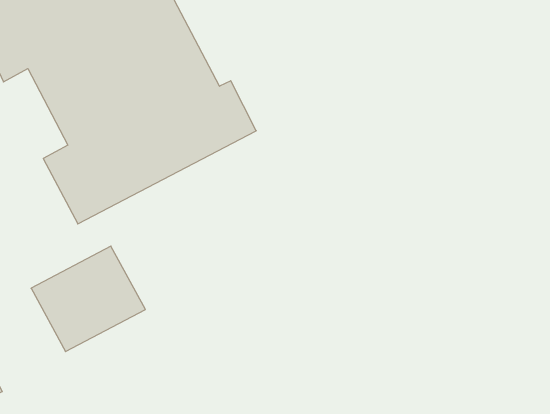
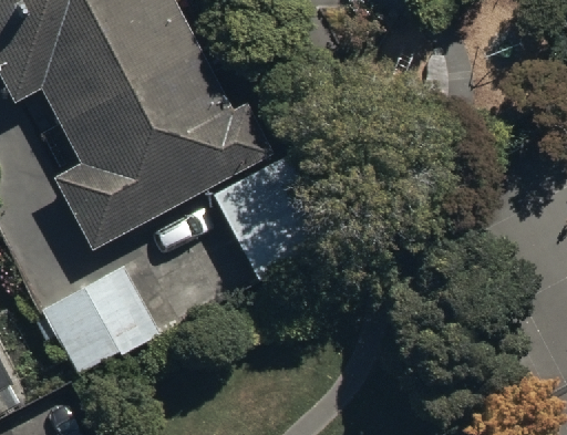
building: none -> [213,162,322,288]

